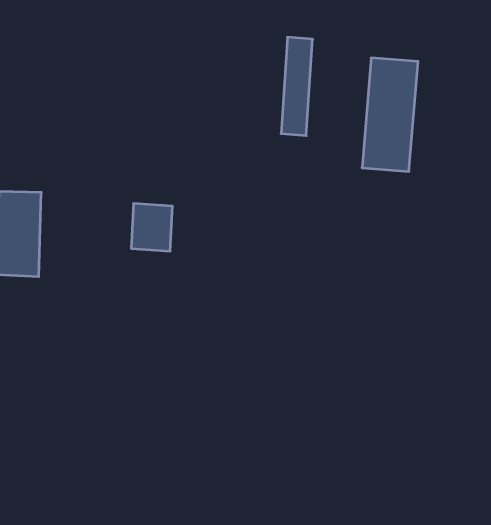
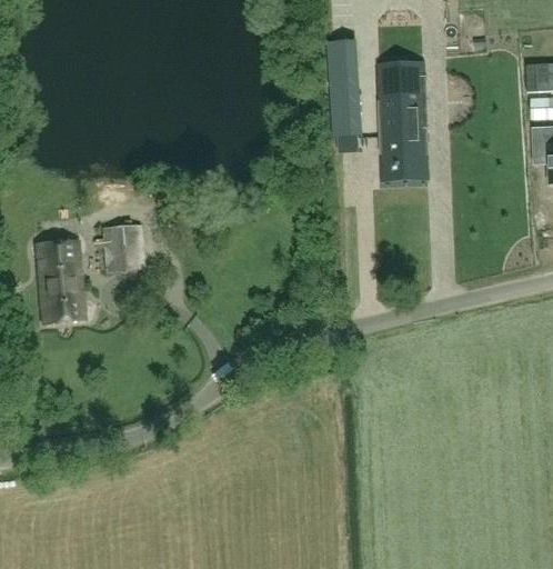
building: [281,37,313,136] -> [329,40,359,134]
building: [131,204,172,251] -> [103,224,144,270]

